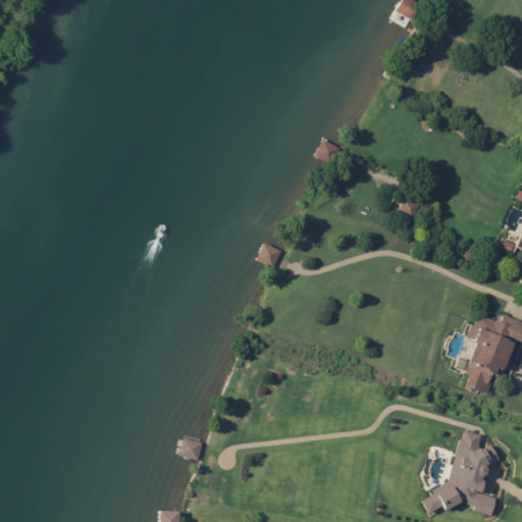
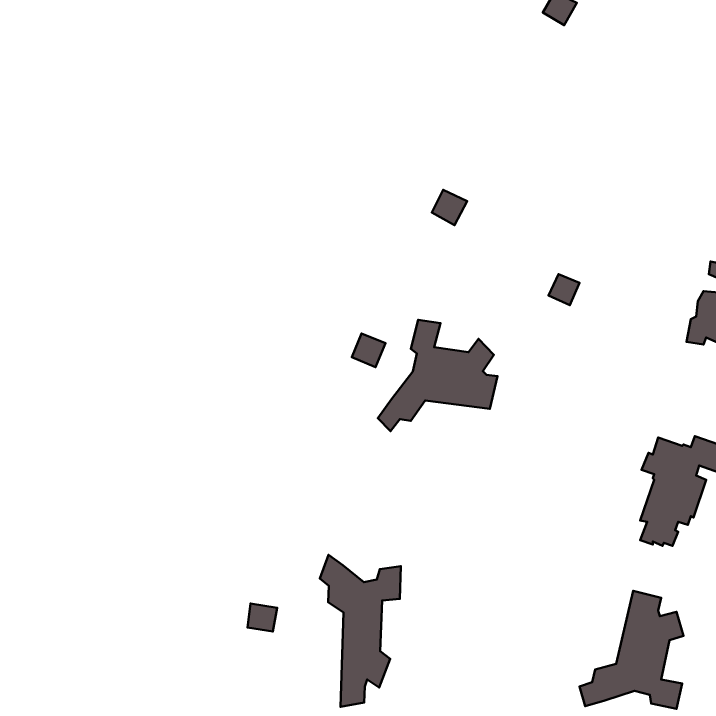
building: none -> [378,320,498,431]
building: none -> [320,555,401,707]

